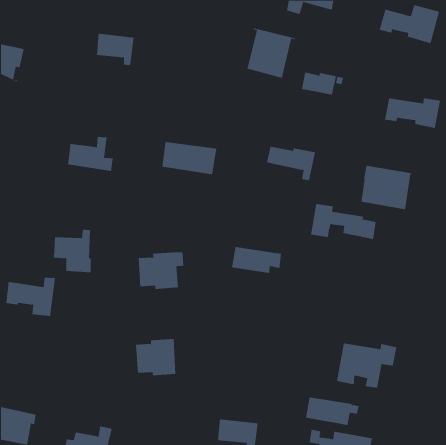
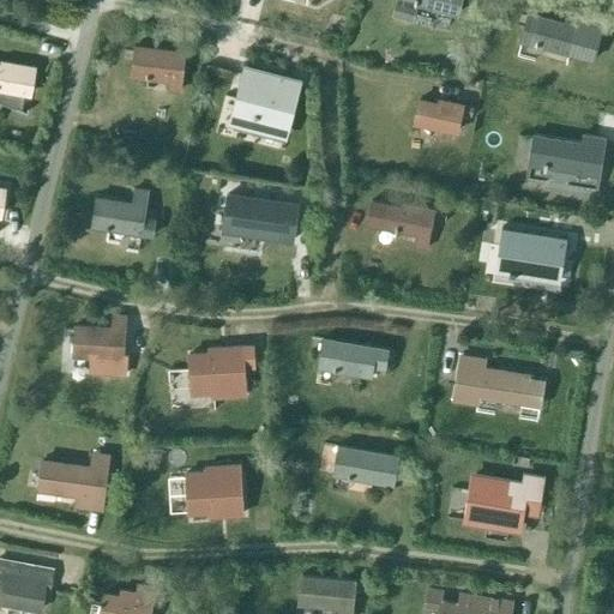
building: [247,28,295,78] -> [234,66,301,136]
building: [310,203,377,239] -> [452,359,543,408]
building: [5,277,56,316] -> [38,456,108,510]
building: [305,397,359,426] -> [333,447,408,487]

